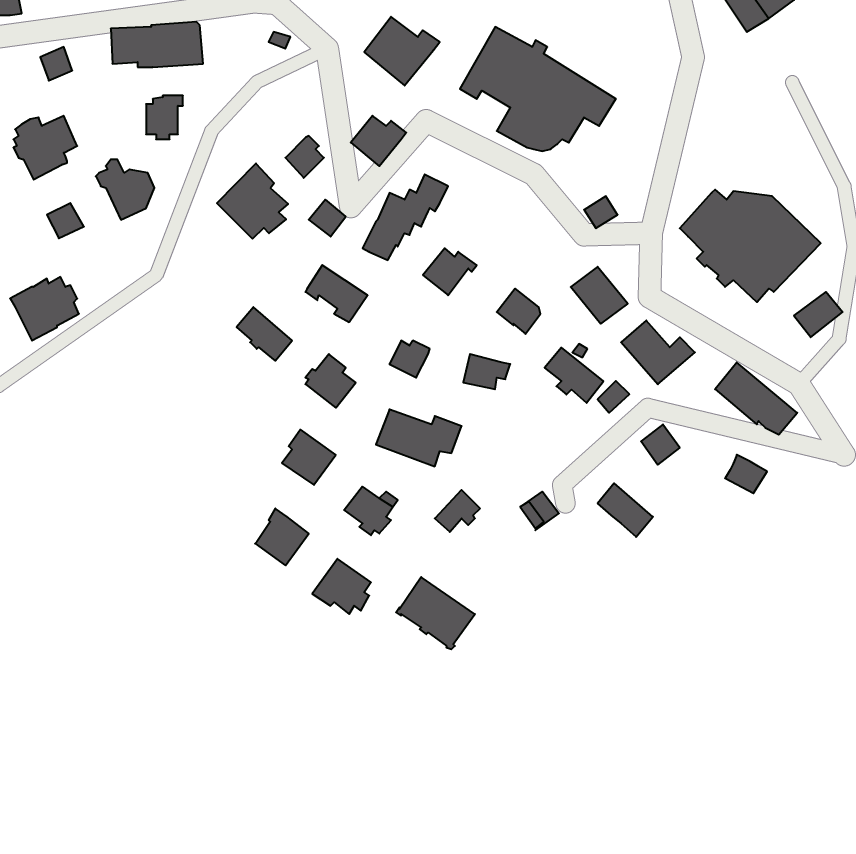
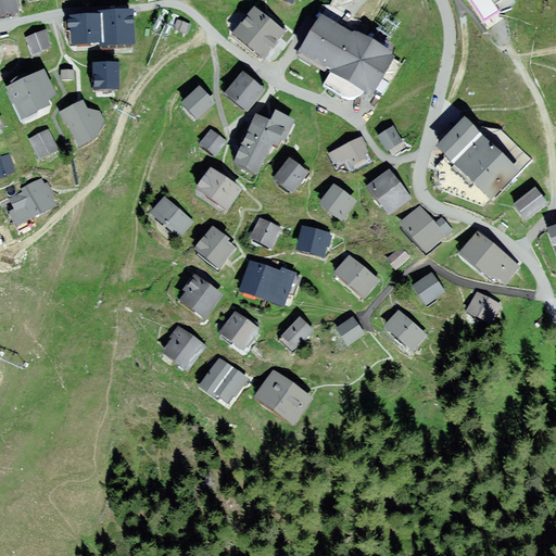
building: [217,163,288,239] -> none
building: none -> [328,137,367,168]
building: [545,348,603,403] -> [337,258,375,294]

